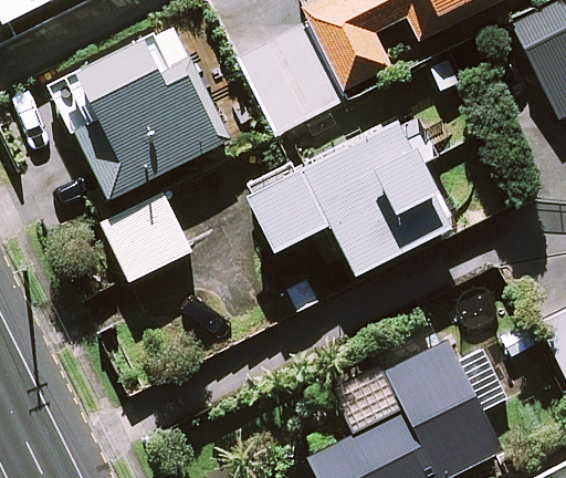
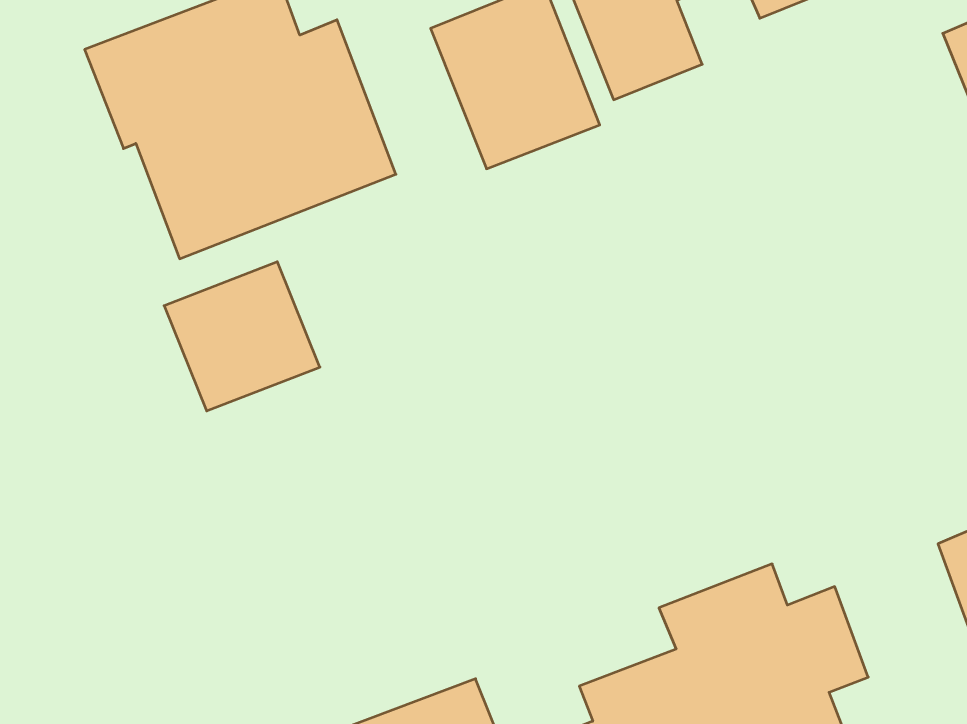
building: [250,117,454,270] -> none

